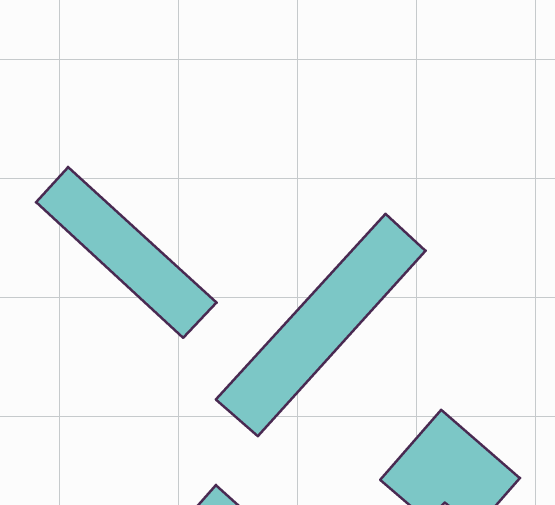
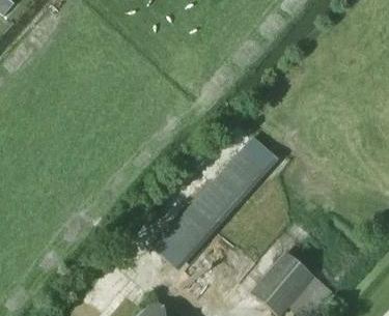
building: [36,167,217,338] -> none

